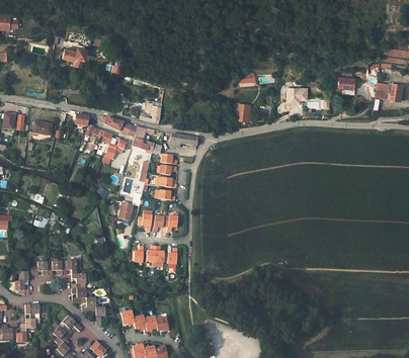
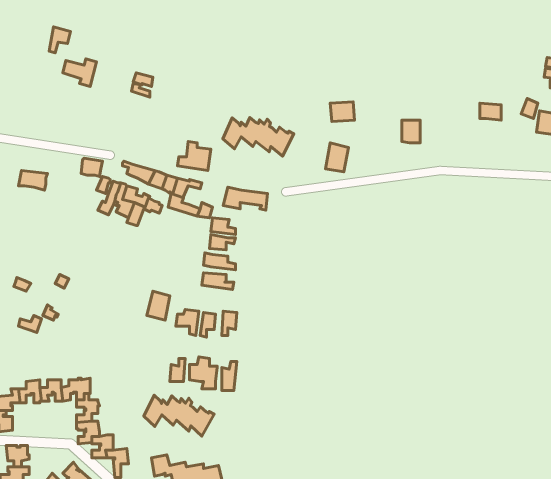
building: none -> [223,118,294,156]
building: none -> [144,395,214,436]

